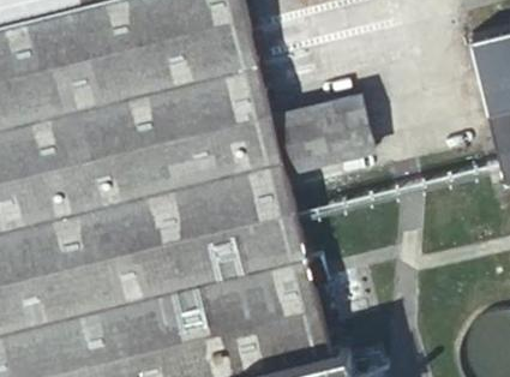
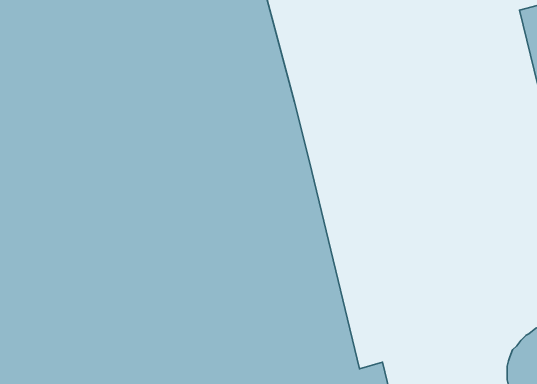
building: [269,95,371,168] -> none

